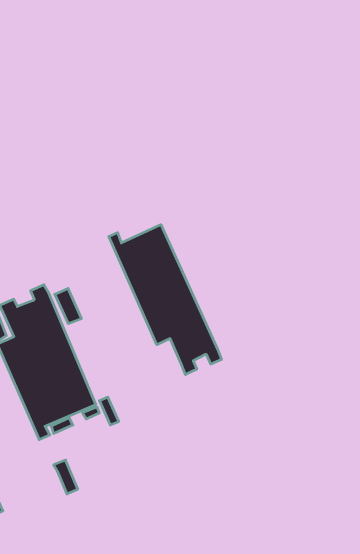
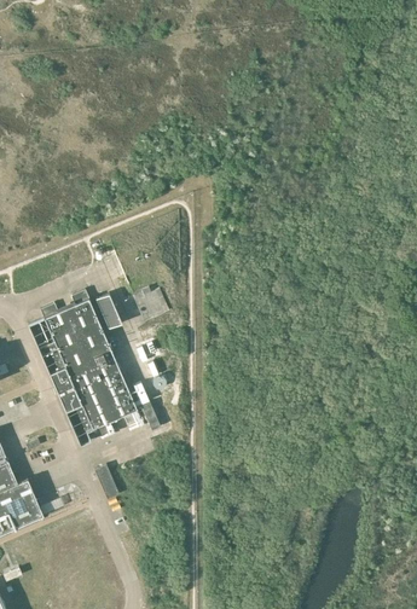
building: [109,225,221,375] -> none

